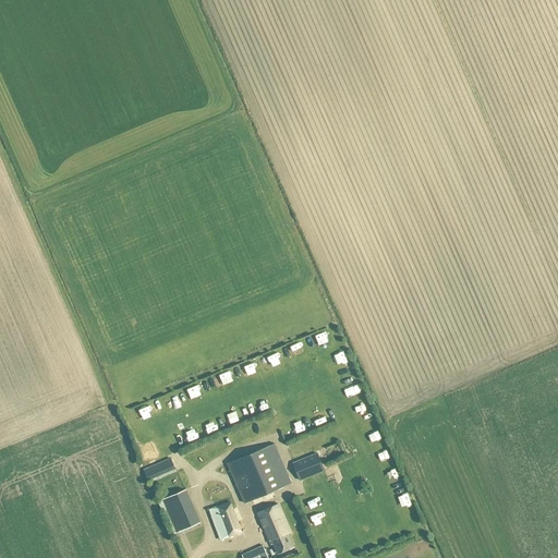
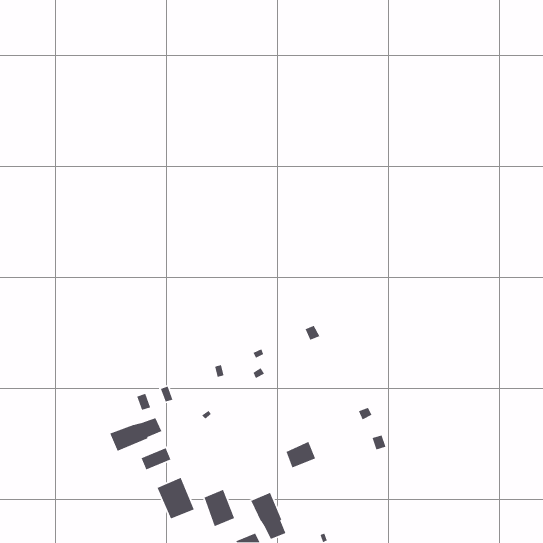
building: none -> [109,417,162,452]
building: [226,442,290,502] -> none

